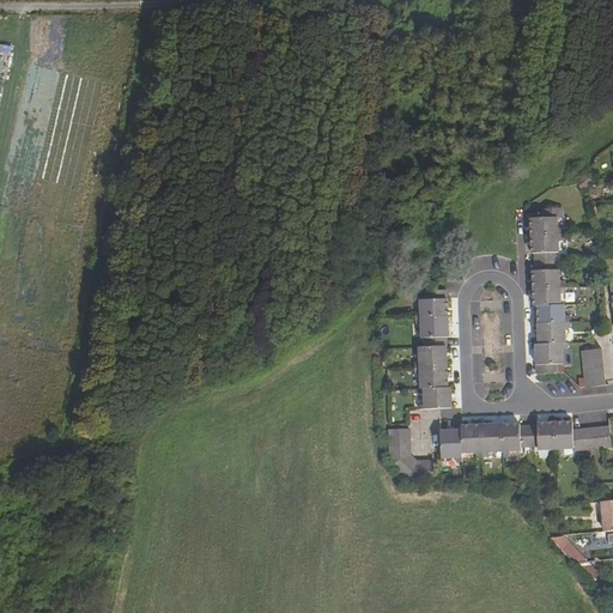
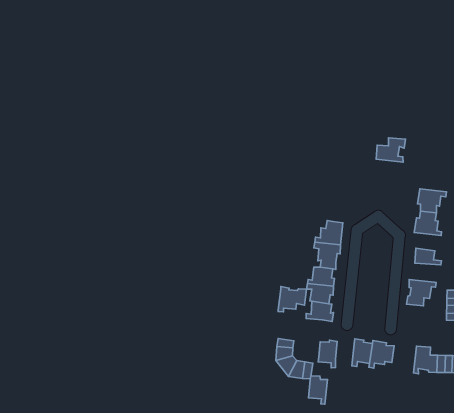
building: [529,205,563,233] -> [376,138,406,162]
building: [532,285,564,304] -> none
building: [538,320,569,342] -> none
building: none -> [278,286,307,312]
building: [528,420,556,453] -> none
building: [460,423,481,455] -> [309,376,328,404]

